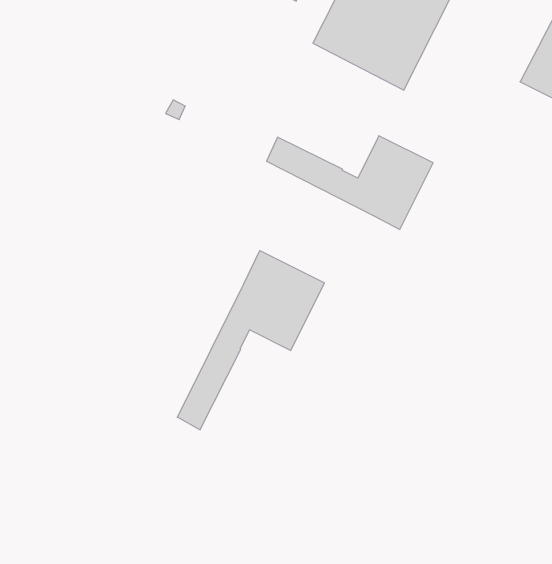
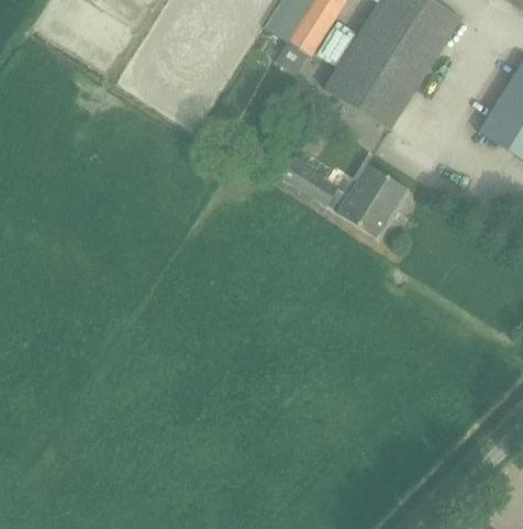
building: [177,251,324,430] -> none

